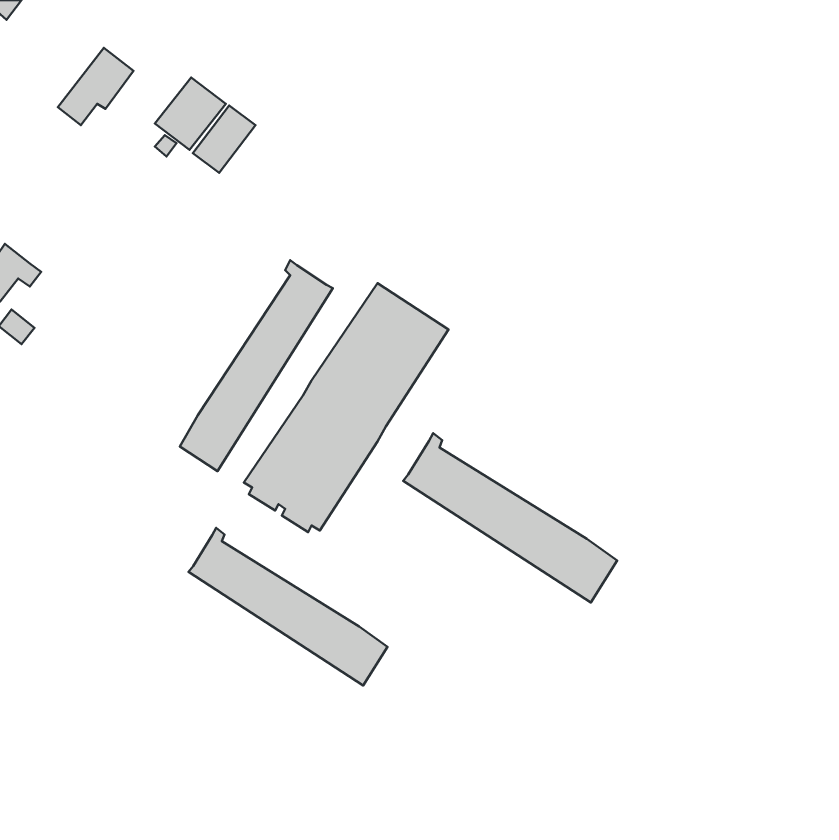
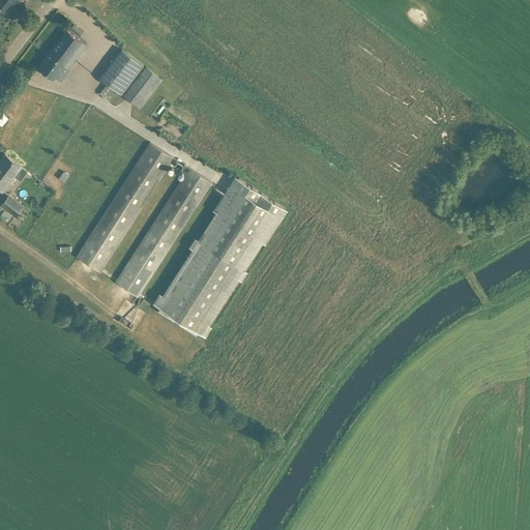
building: none -> [75,143,176,270]
building: [403,433,617,603] -> none
building: [188,528,388,686] -> none

